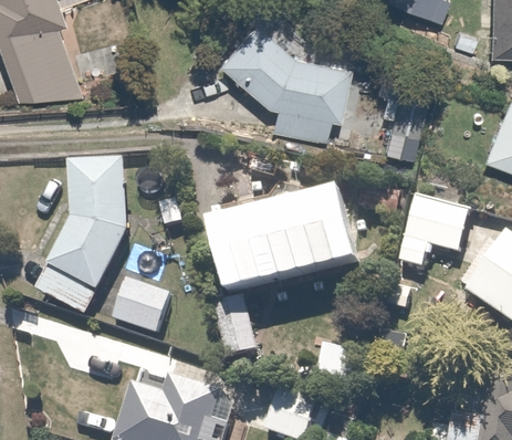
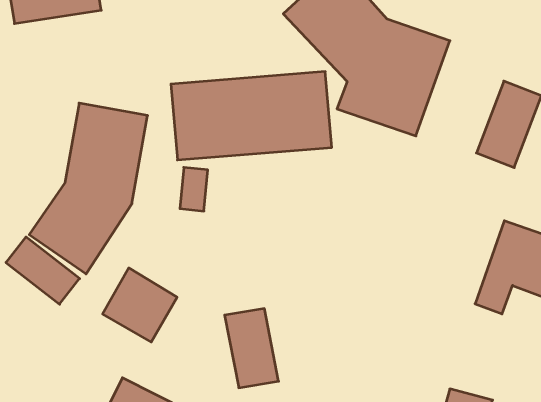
building: [222,199,354,285] -> [171,72,332,160]

